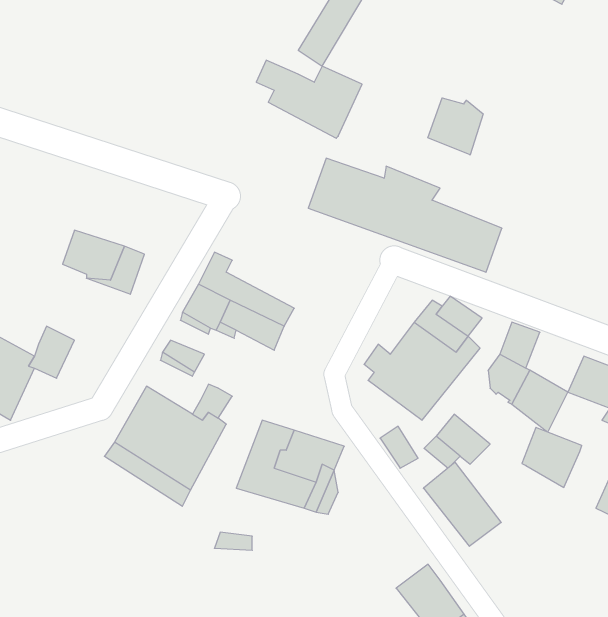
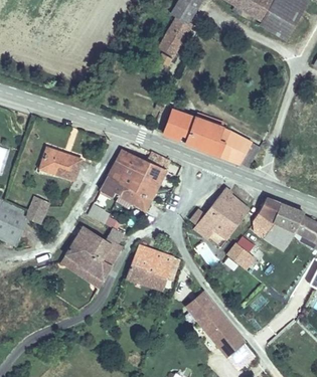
building: [256,60,362,138] -> [116,149,169,188]
building: [428,98,483,155] -> none
building: [522,427,582,487] -> [273,200,303,230]
building: [423,462,501,546] -> [184,287,223,329]

